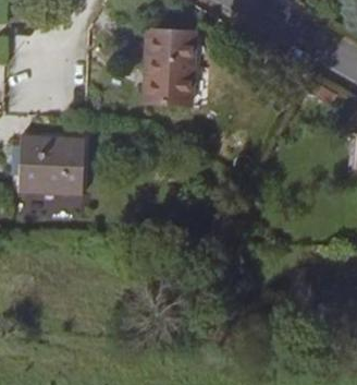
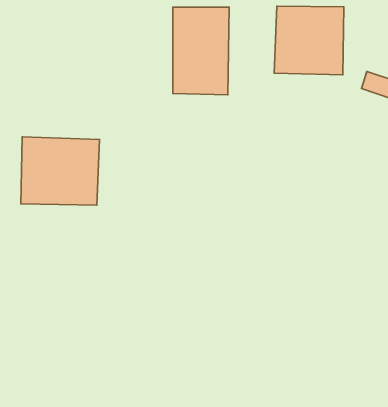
building: none -> [274,6,344,75]

